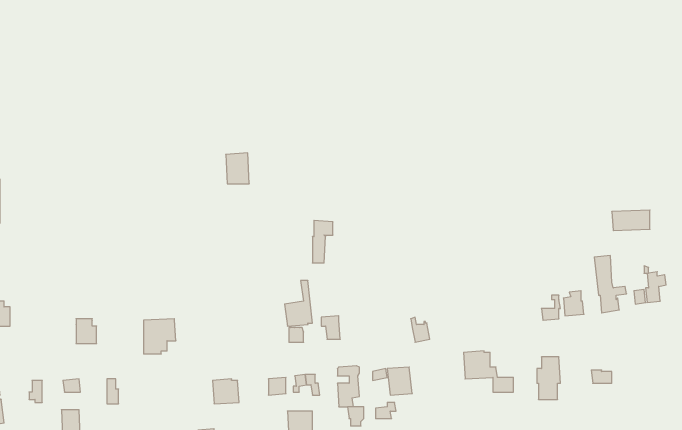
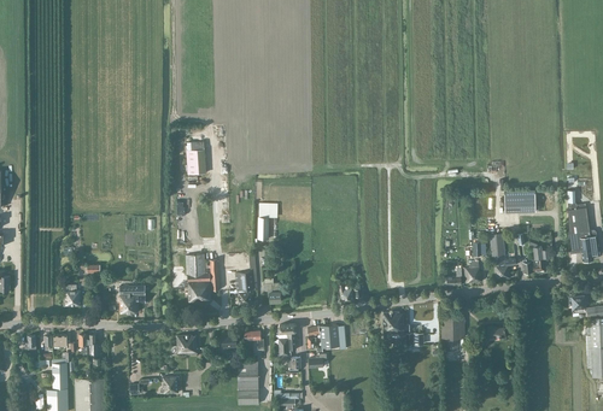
building: none -> [187,253,221,301]

